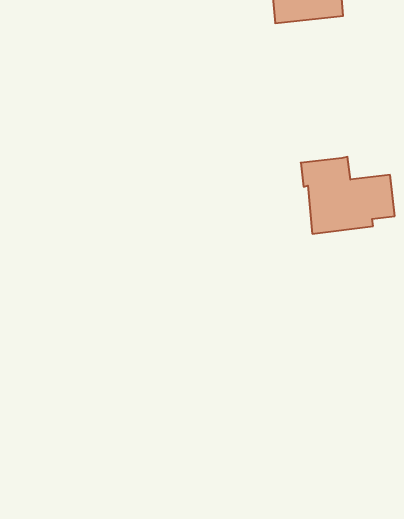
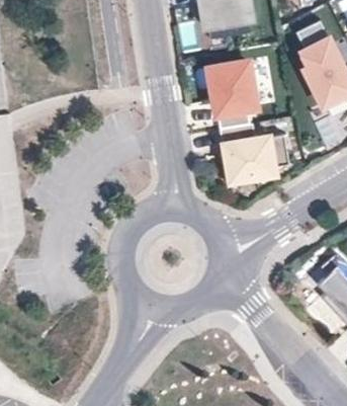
building: none -> [215,63,259,128]

